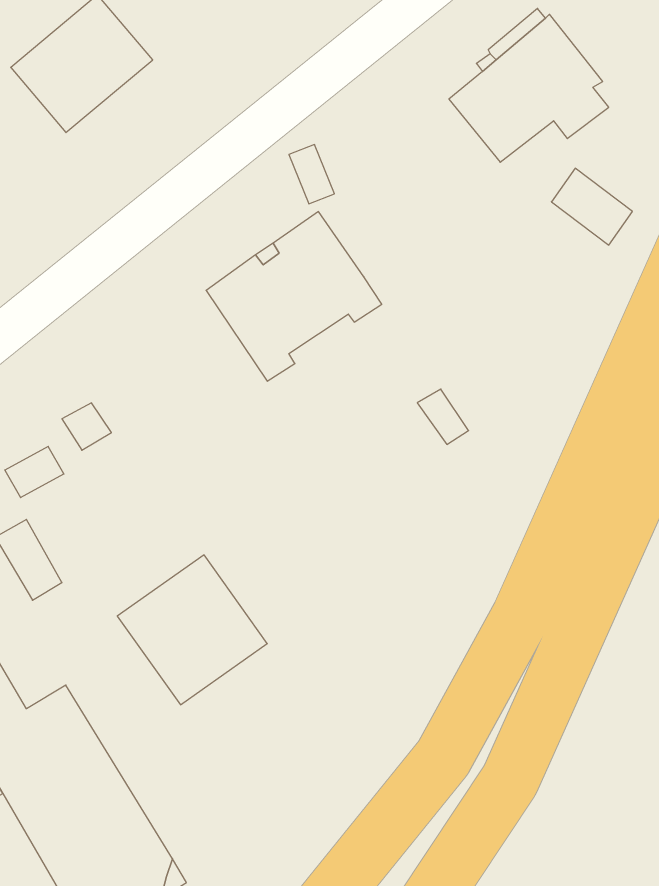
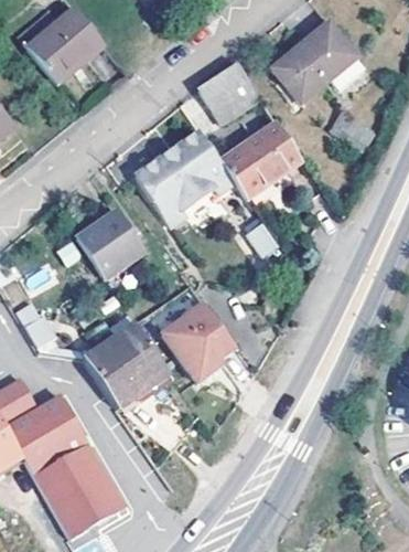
building: none -> [202,63,260,123]
building: none -> [224,124,302,211]
building: none -> [78,211,144,277]
building: none -> [160,300,234,380]

